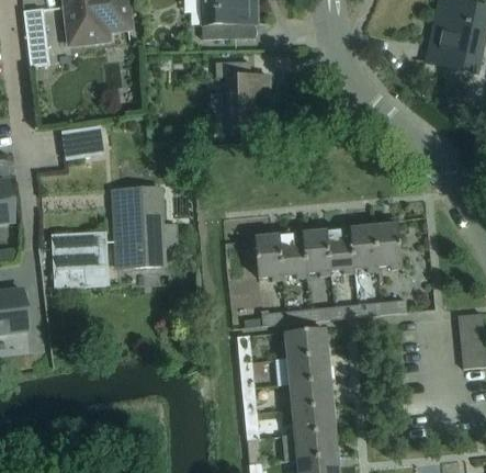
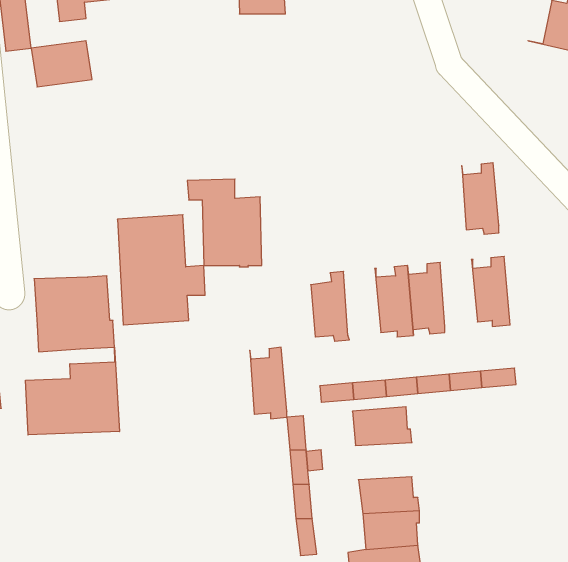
building: [215,61,270,126] -> [187,179,262,267]
building: [60,125,105,159] -> [31,41,92,87]
building: [350,219,377,272] -> [462,163,499,234]
building: [279,226,306,279] -> [250,347,287,419]
building: none -> [26,347,119,435]
building: [287,354,330,382] -> none

